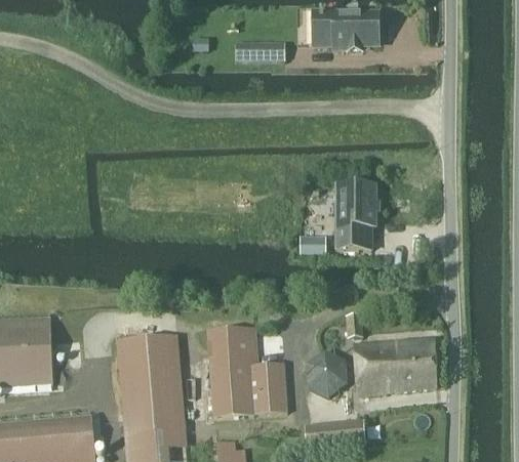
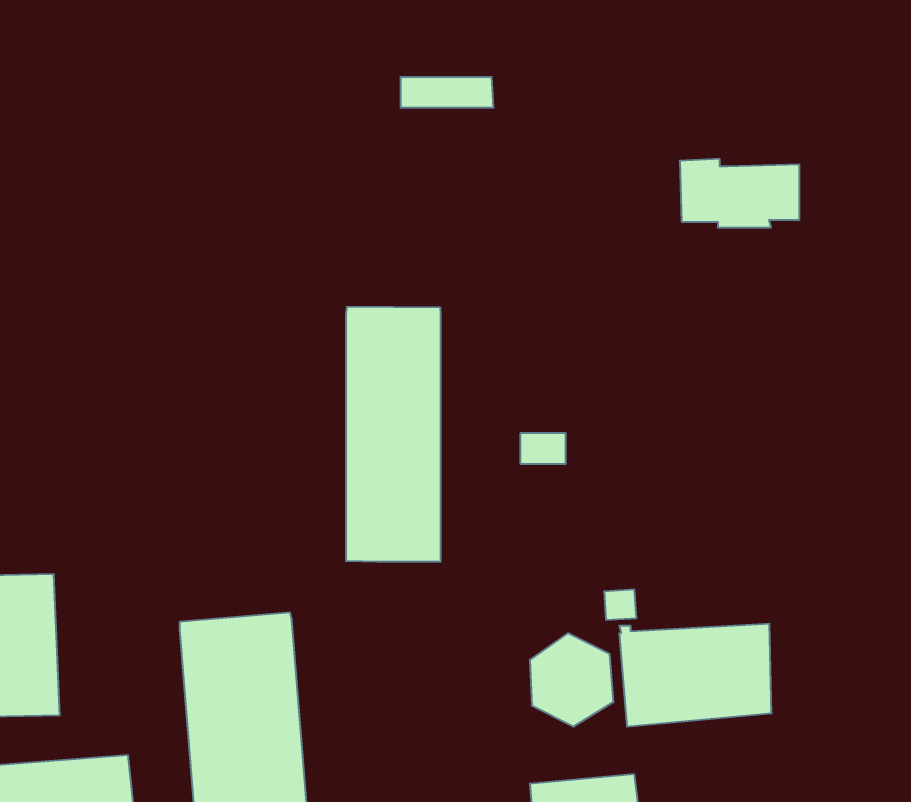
building: [312,10,376,47] -> [680,159,800,227]
building: none -> [346,307,441,562]
building: [336,185,375,249] -> none
building: [206,327,287,417] -> none

